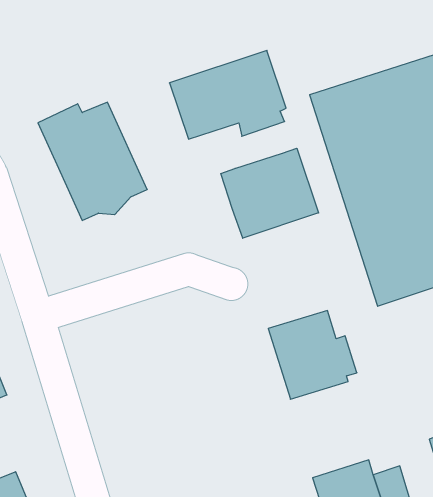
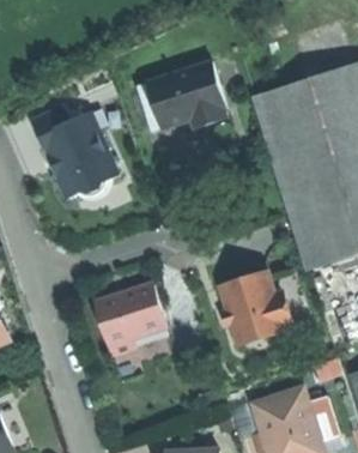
building: [221,148,319,238] -> none
building: none -> [97,284,166,354]

